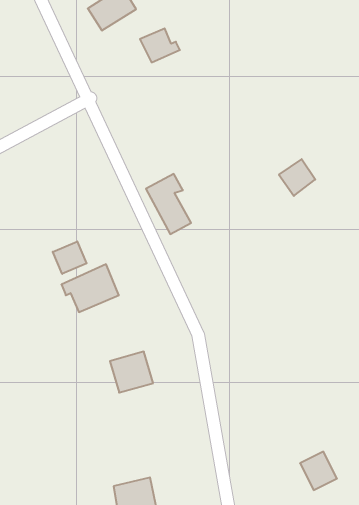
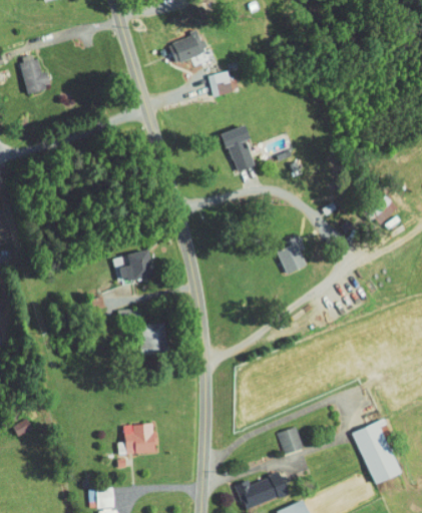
building: [279,159,315,196] -> [279,247,307,276]
building: [146,174,191,234] -> [223,125,254,172]
building: [53,241,87,274] -> none

